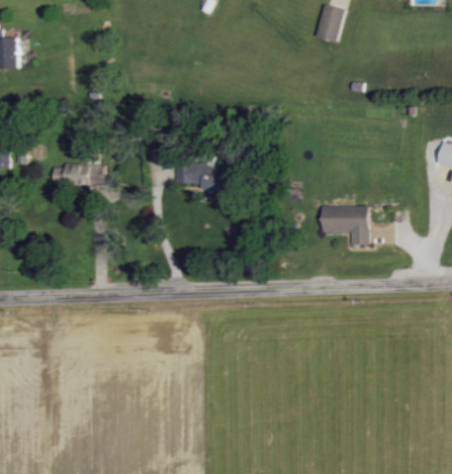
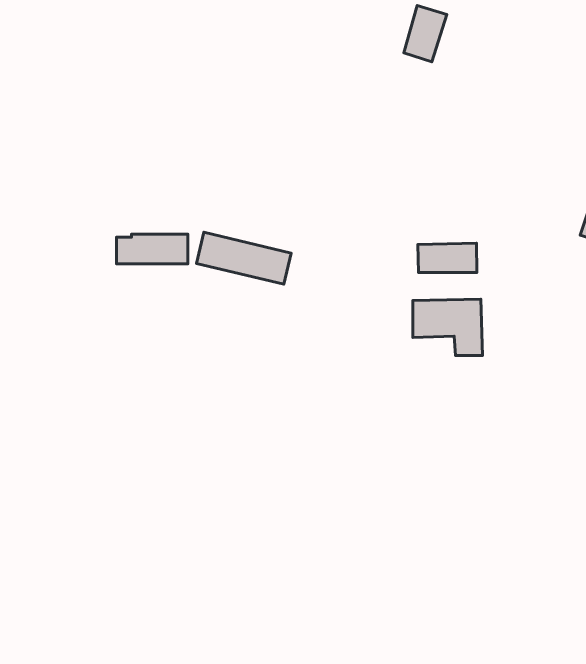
building: [54,165,102,185] -> [117,234,188,264]
building: none -> [418,243,477,273]

